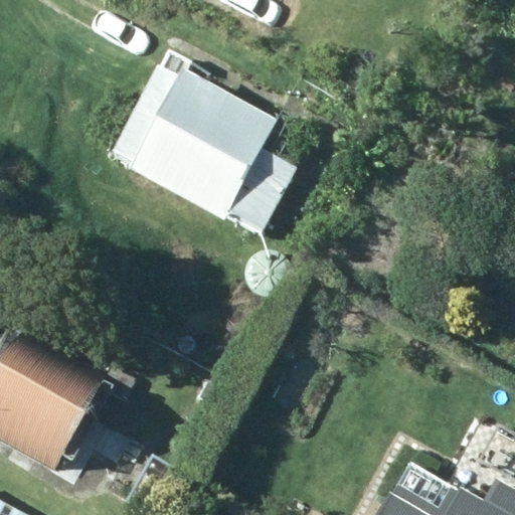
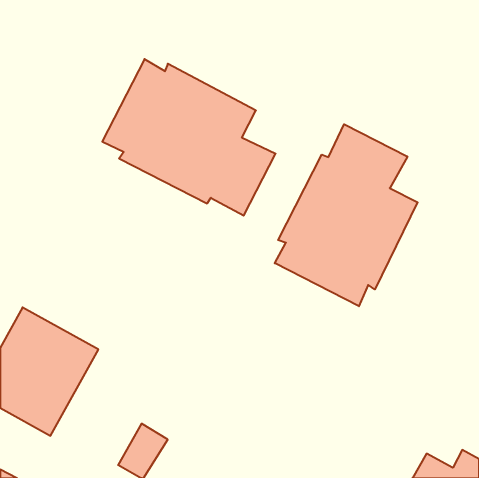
building: none -> [275,124,418,306]

